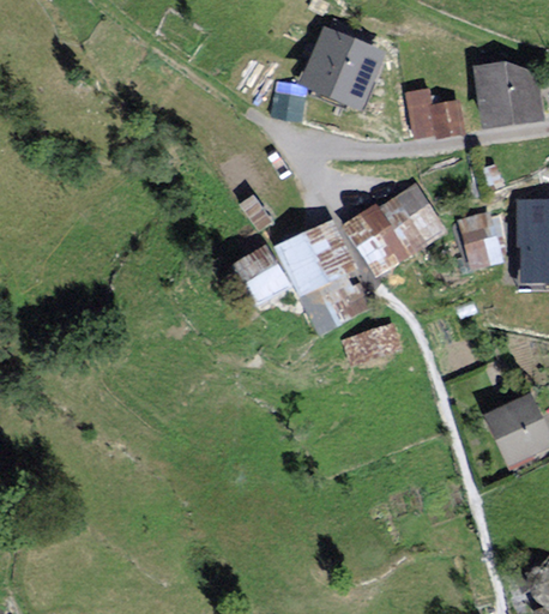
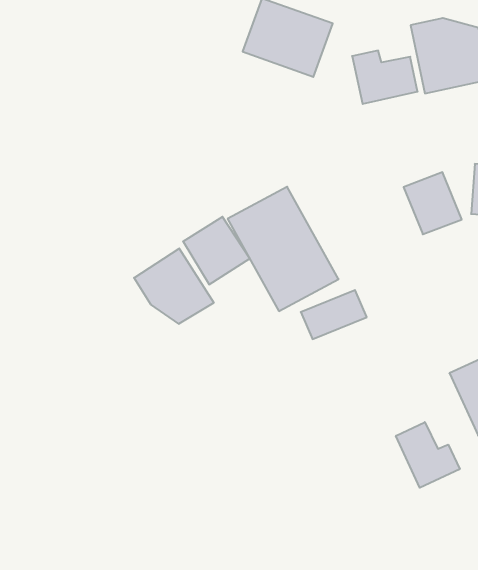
building: [344,180,447,277] -> none
building: none -> [134,248,214,324]
building: none -> [396,422,460,488]

